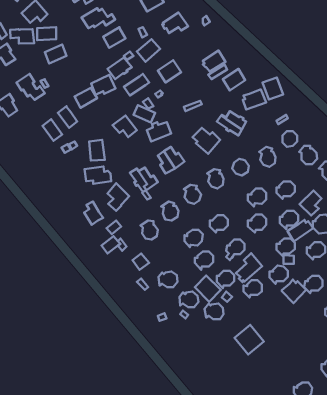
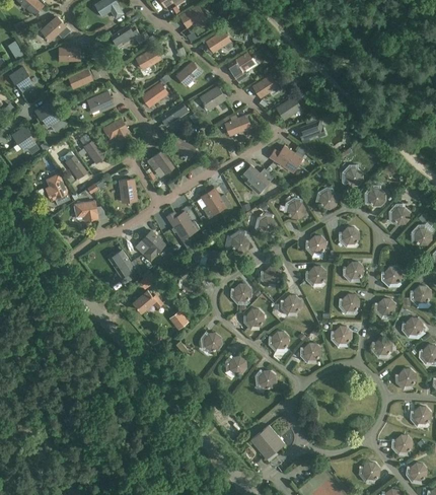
building: [10,29,34,44] -> none
building: none -> [226,51,257,77]
building: [91,75,115,95] -> [86,89,115,113]
building: [263,77,283,100] -> none
building: [147,122,171,141] -> [223,114,251,136]
building: none -> [44,172,70,204]
building: [84,167,111,184] -> [73,200,104,220]
building: [299,190,322,215] -> none
building: [288,220,313,241] -> none
building: [236,253,262,282] -> none
building: [195,275,221,302] -> none
building: [282,279,306,303] -> none
building: [234,325,264,354] -> [249,424,284,458]

